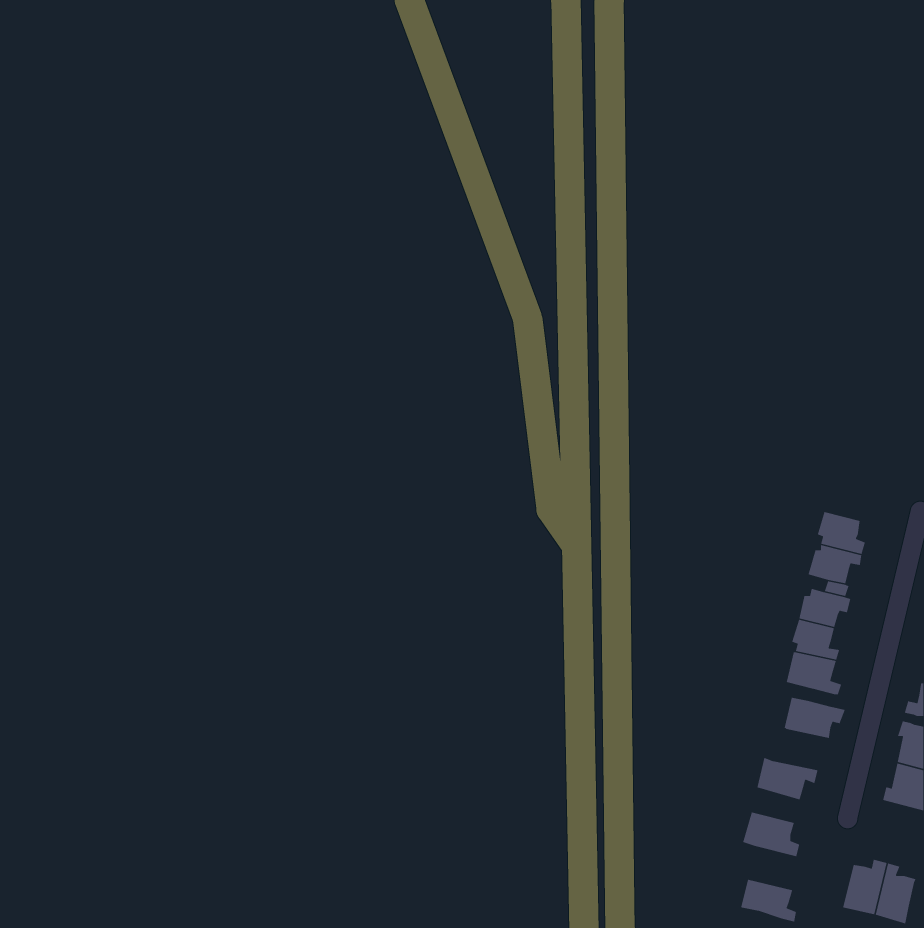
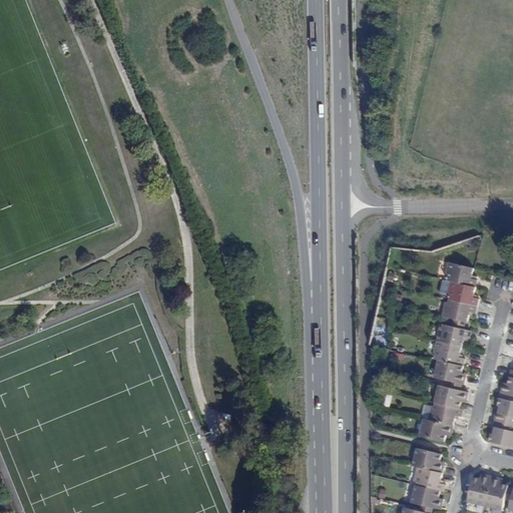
building: none -> [445,264,476,288]
building: none -> [426,403,461,425]
building: none -> [411,467,442,491]

